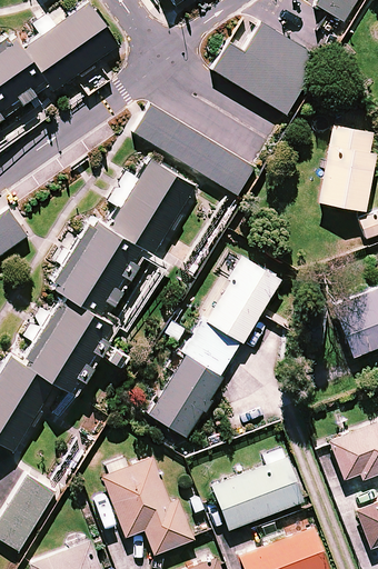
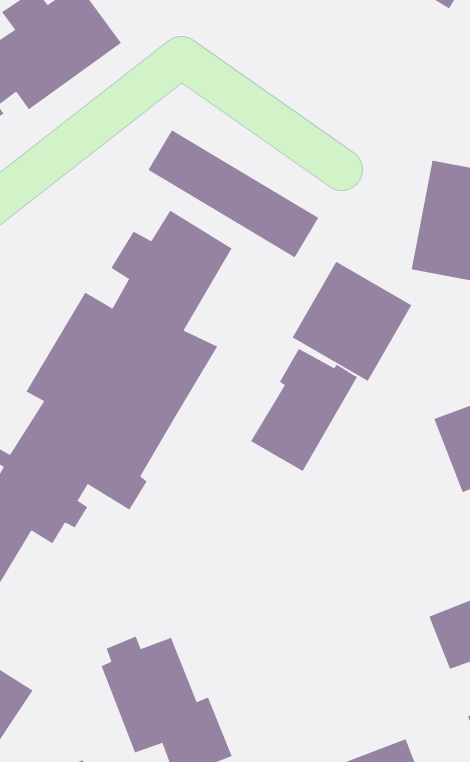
building: [212,23,319,114] -> none
building: none -> [292,261,412,382]
building: [149,325,238,435] -> none
building: [211,449,304,529] -> none

